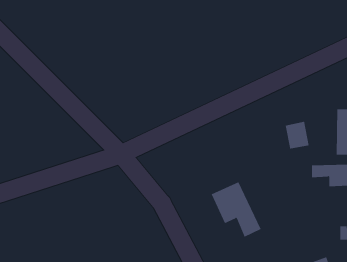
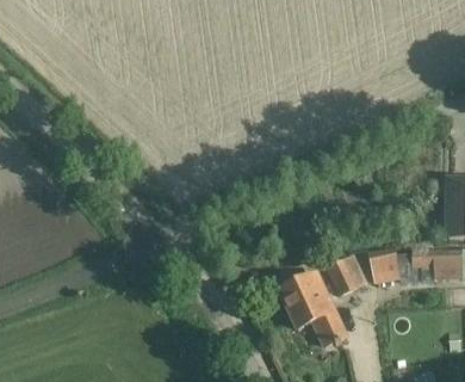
building: [285,121,309,149] -> [367,246,399,283]
building: none -> [327,255,366,295]

